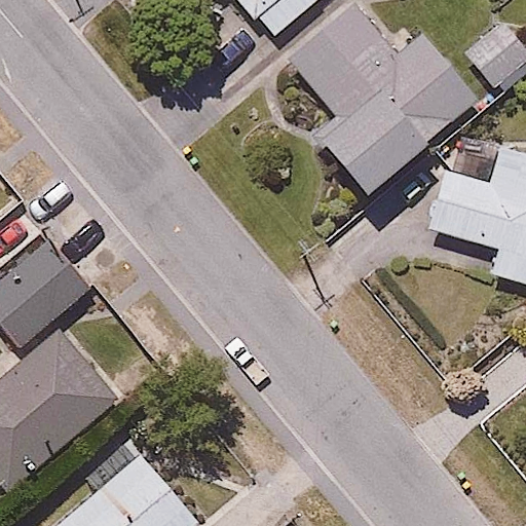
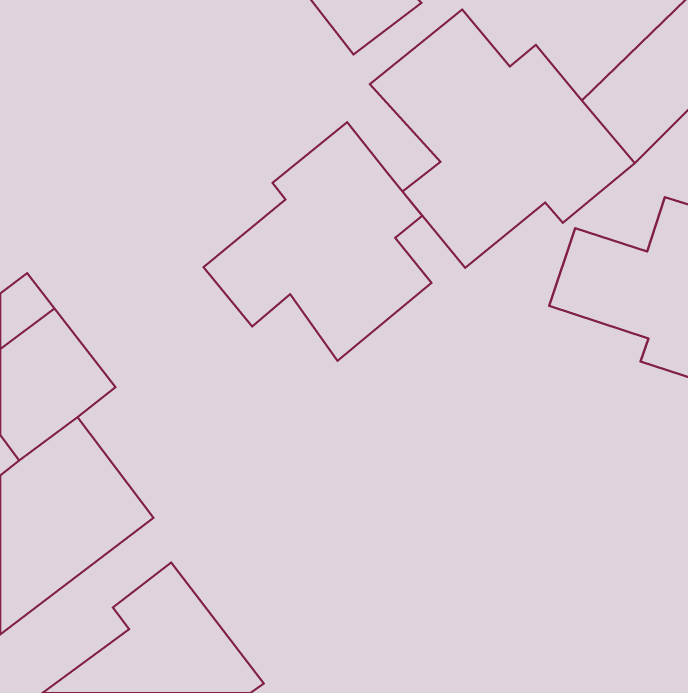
building: none -> [203,122,432,361]

